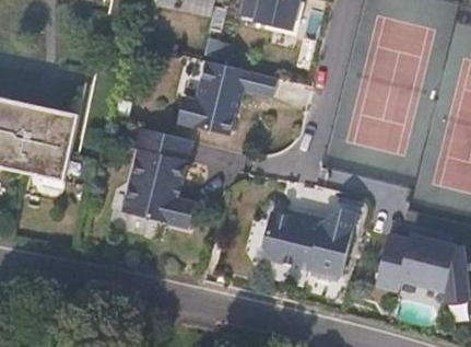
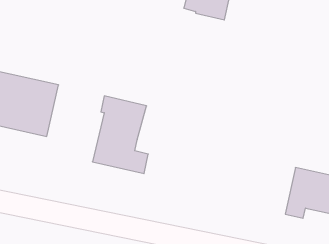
building: [177,60,278,135] -> none
building: [263,208,357,277] -> none

